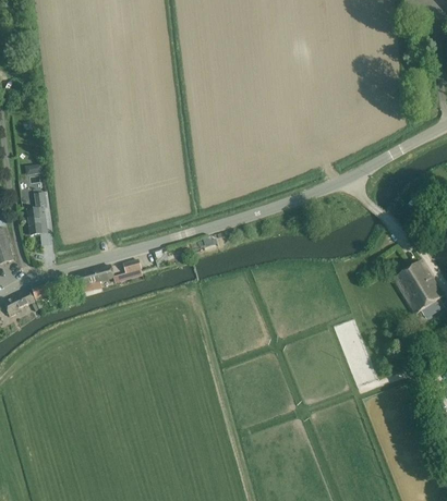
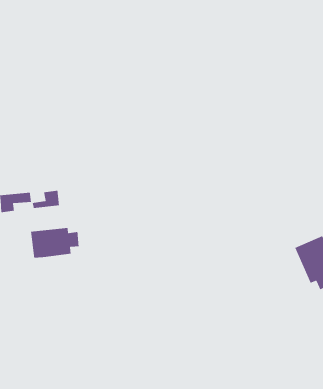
building: none -> [30,227,79,258]

